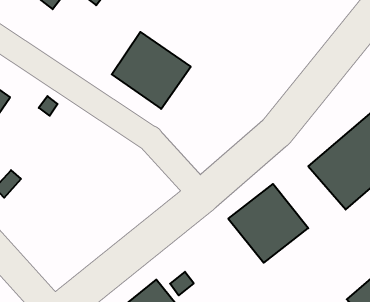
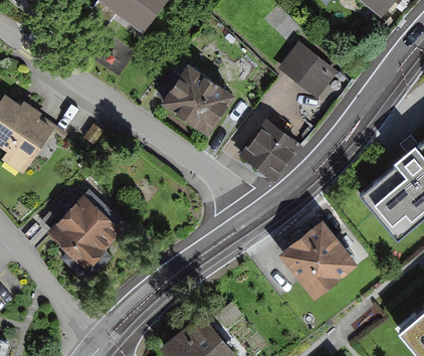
building: none -> [278,42,338,98]
building: none -> [239,119,300,180]
building: none -> [51,191,116,273]

